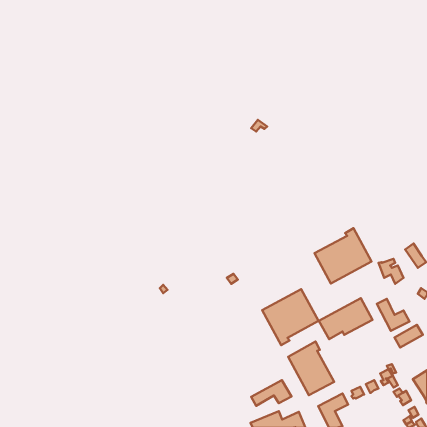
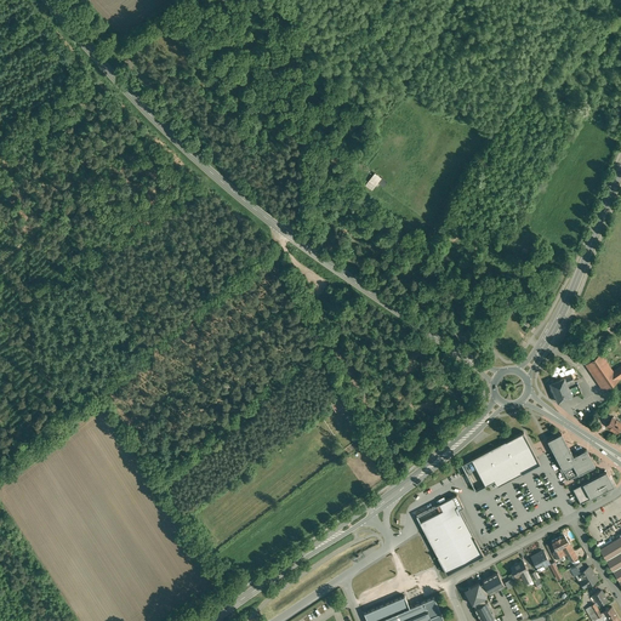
building: [315,228,371,283] -> none
building: [262,289,319,345] -> none
building: [251,380,291,406] -> none

